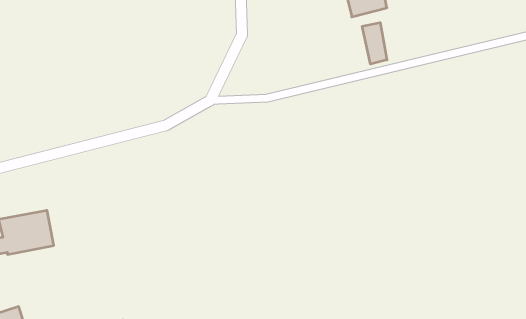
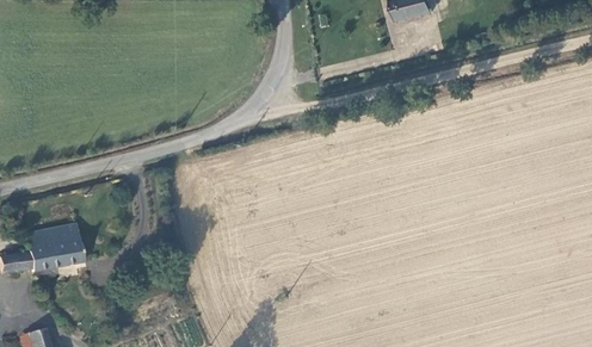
building: [362,23,387,64] -> none

